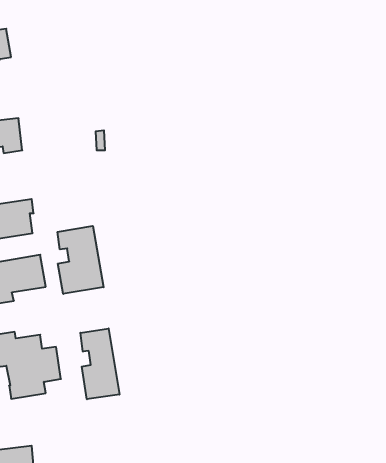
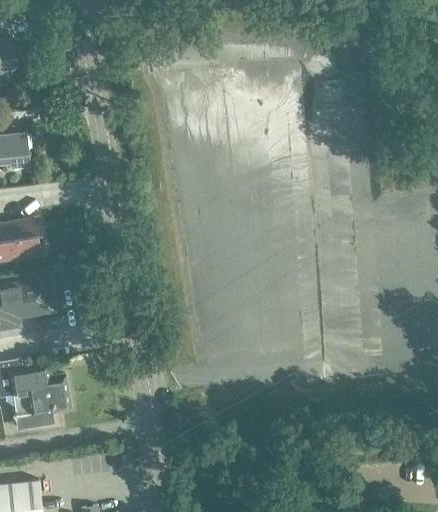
building: [58,226,104,294] -> none
building: [80,328,119,399] -> none

